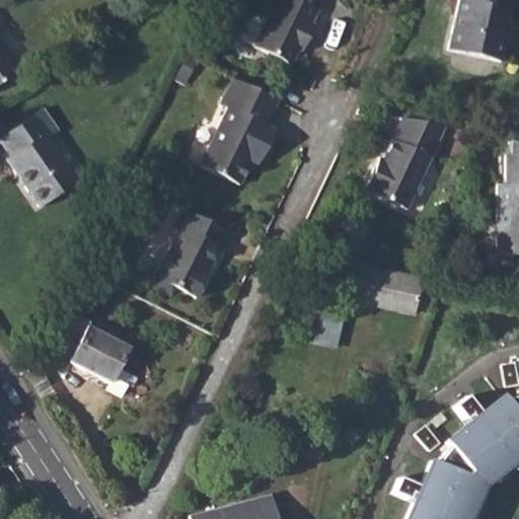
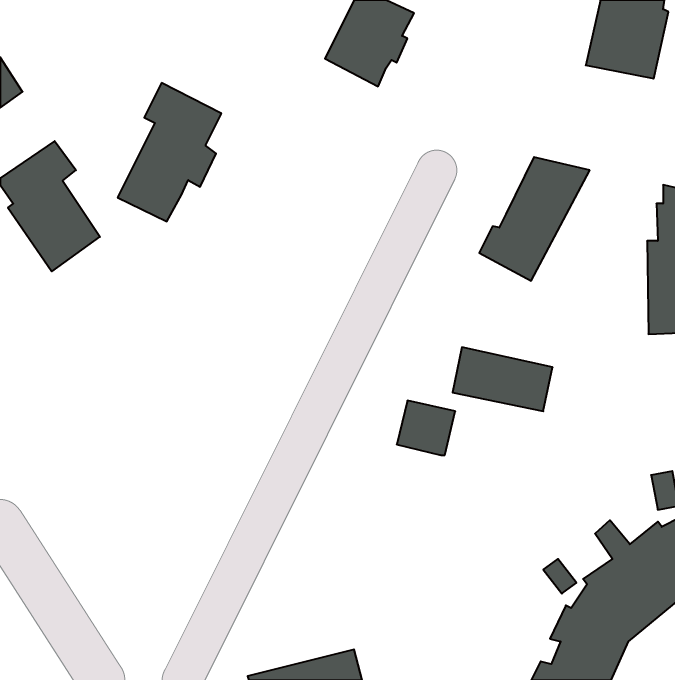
building: [202,77,281,182] -> [118,83,221,221]
building: [157,211,224,296] -> none
building: [52,314,129,381] -> none

